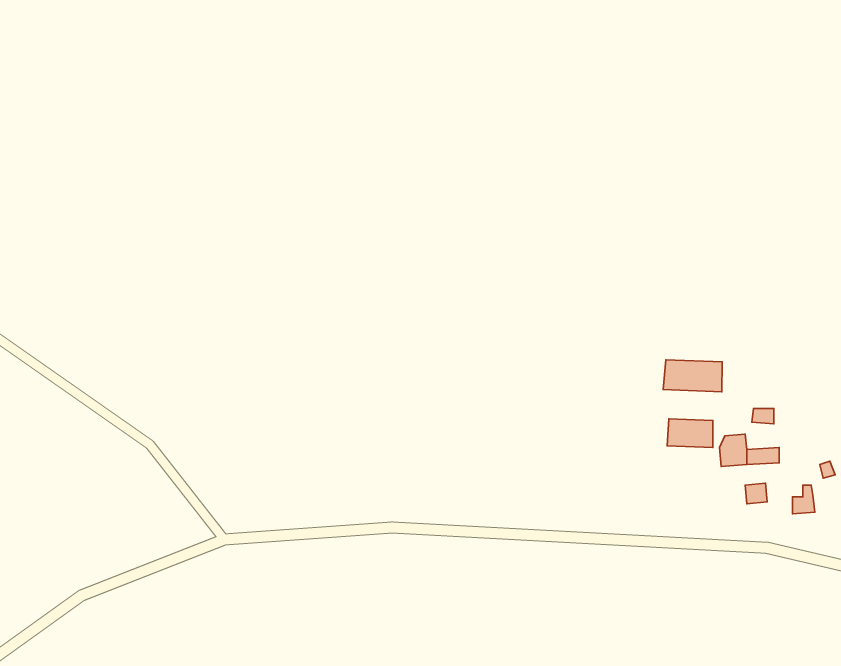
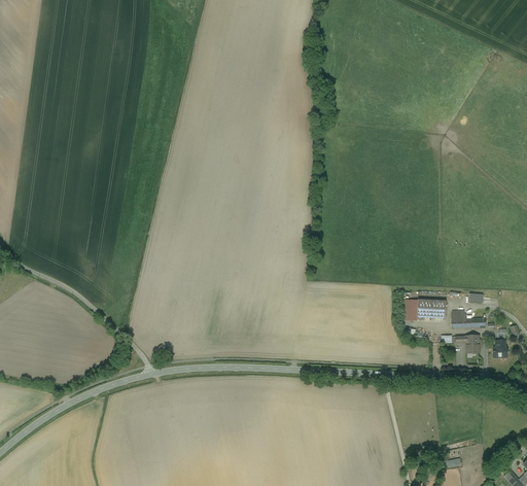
building: [663,360,722,392] -> none

